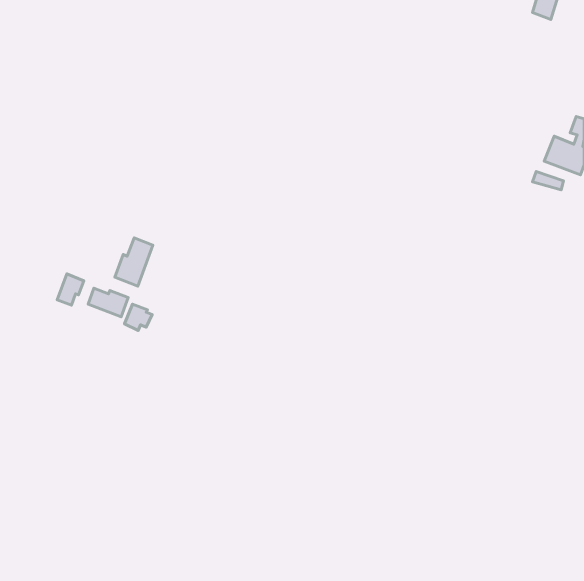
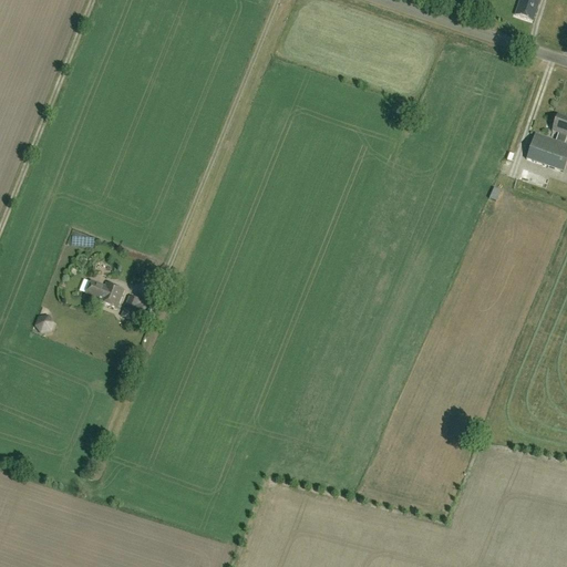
building: [115,238,153,286] -> none
building: [57,274,84,305] -> none

